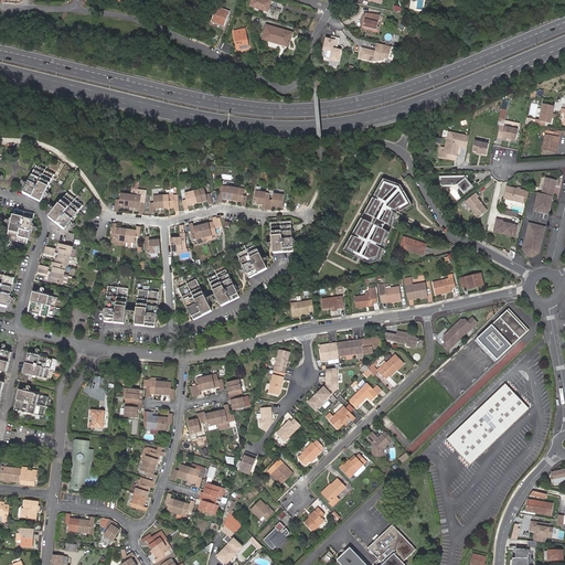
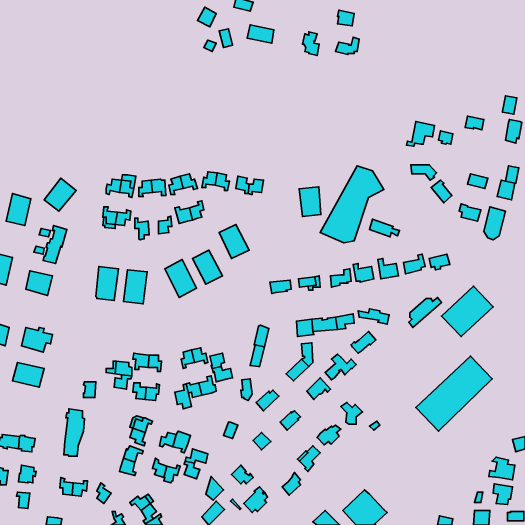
building: [21,163,53,200] -> none
building: [269,220,292,252] -> [299,187,321,217]

